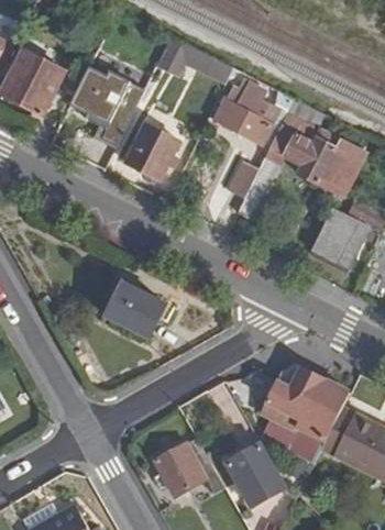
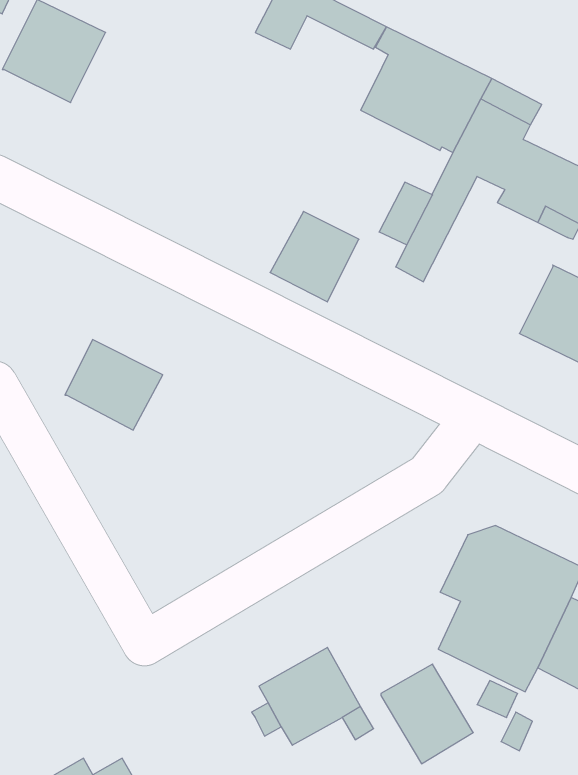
building: [64,63,140,144] -> none
building: [127,124,179,178] -> [270,211,359,302]
building: [107,283,165,336] -> [65,340,163,430]

